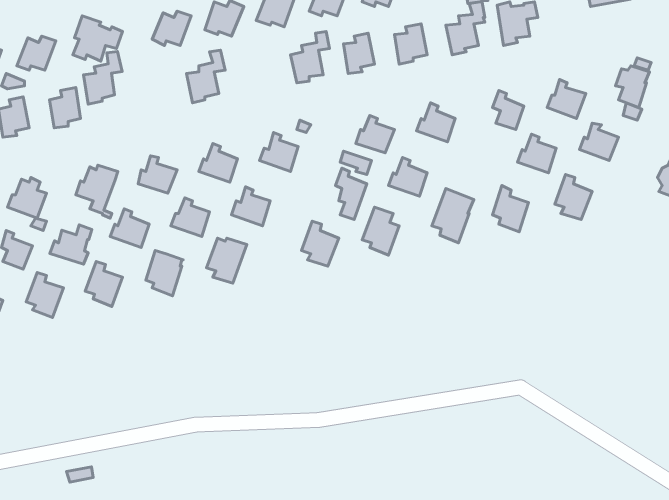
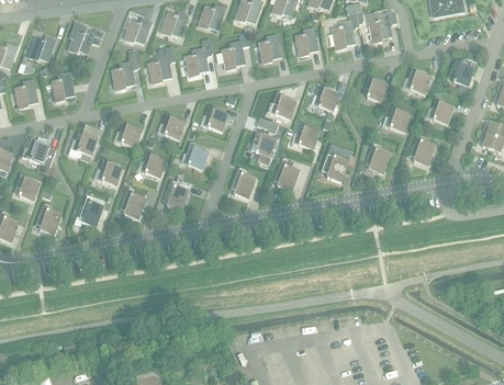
building: none -> [186,38,213,77]
building: [83,51,122,104] -> [112,53,139,90]
building: [50,225,92,264] -> none

